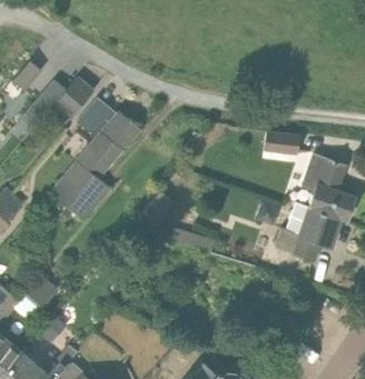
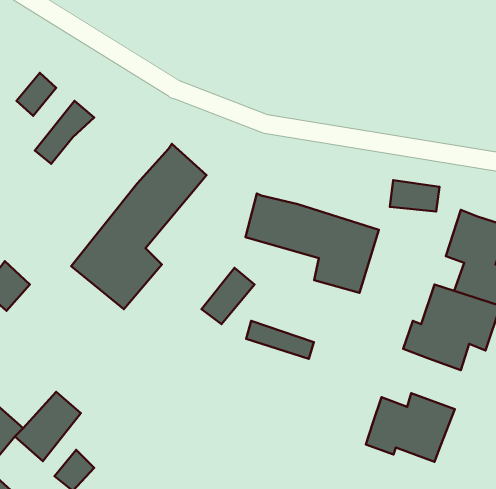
building: [51,77,93,119] -> none
building: [78,97,116,136] -> none
building: none -> [245,193,379,293]
building: none -> [366,393,455,462]

